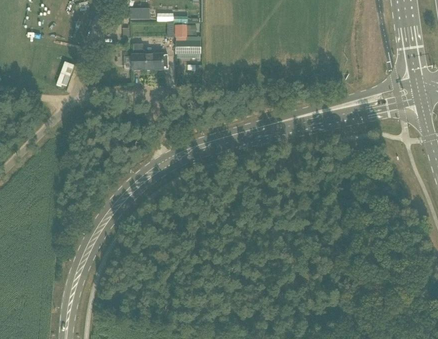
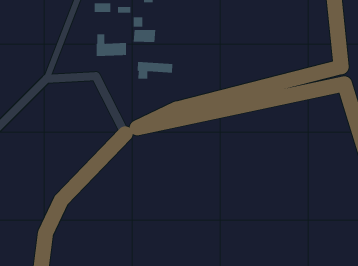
building: none -> [137,61,173,79]

